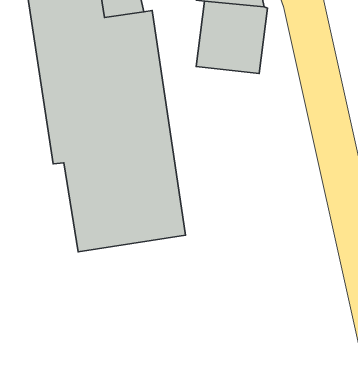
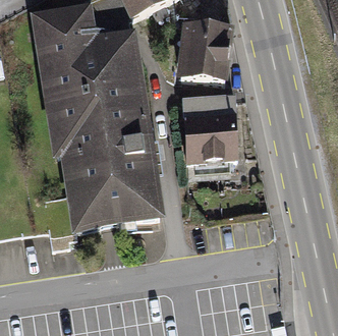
building: none -> [182,95,246,175]

